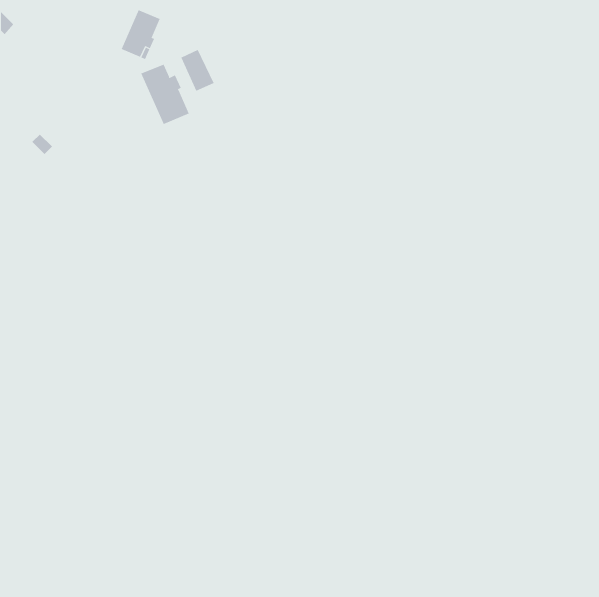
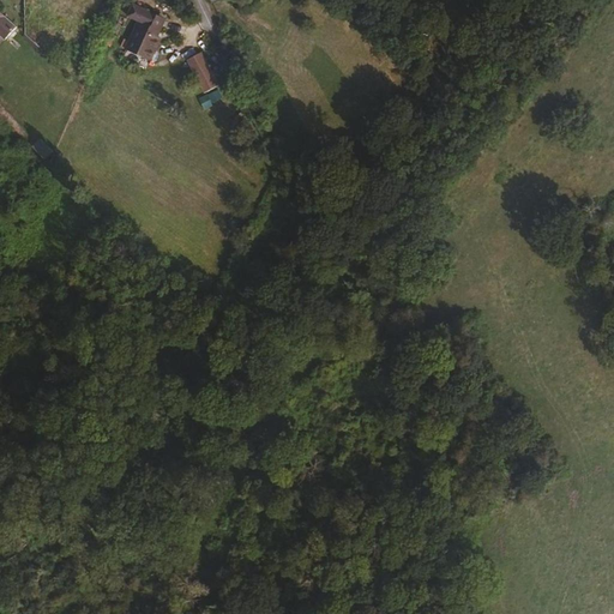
building: [141,64,189,125] -> none

